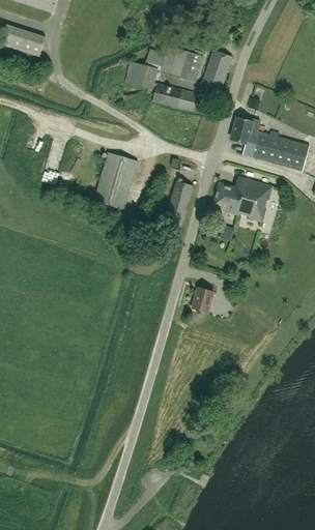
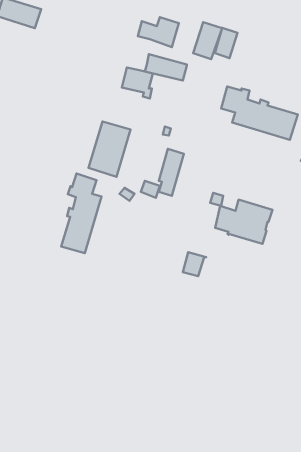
building: [180,51,203,82] -> [215,28,237,58]
building: [125,61,158,93] -> [122,67,153,99]
building: [213,176,273,222] -> [215,200,273,244]
building: none -> [61,174,102,253]

